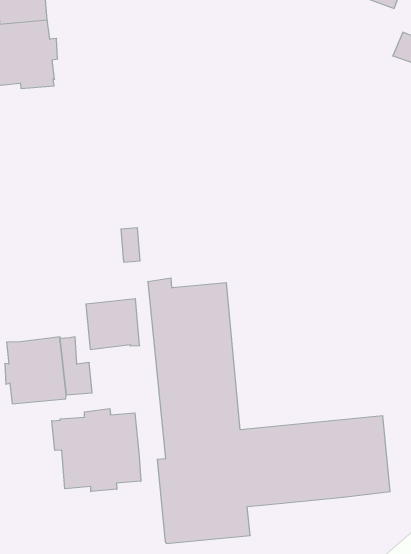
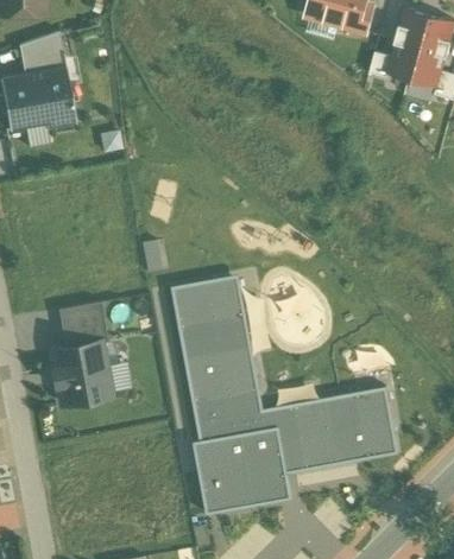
building: [86,299,140,349] -> [57,301,107,349]
building: [52,409,141,492] -> none

